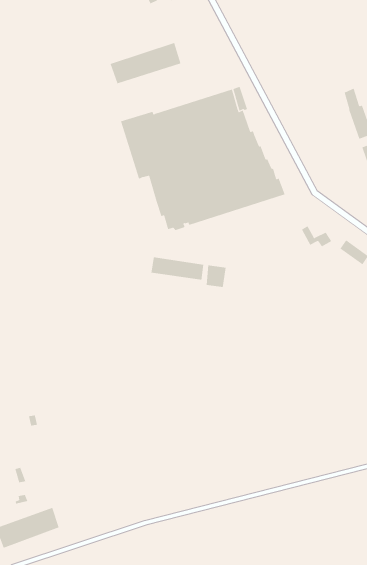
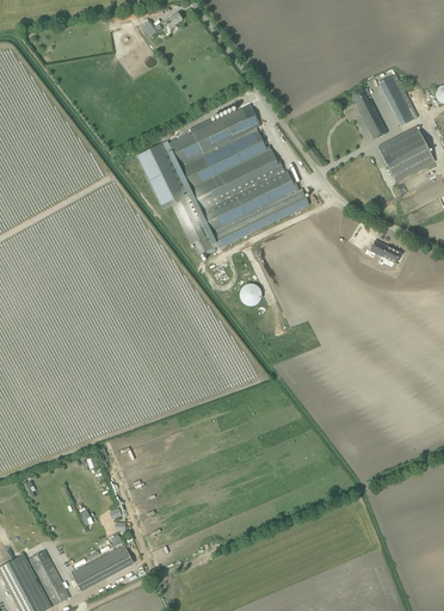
building: [110,42,181,84] -> none
building: [151,257,204,281] -> none

